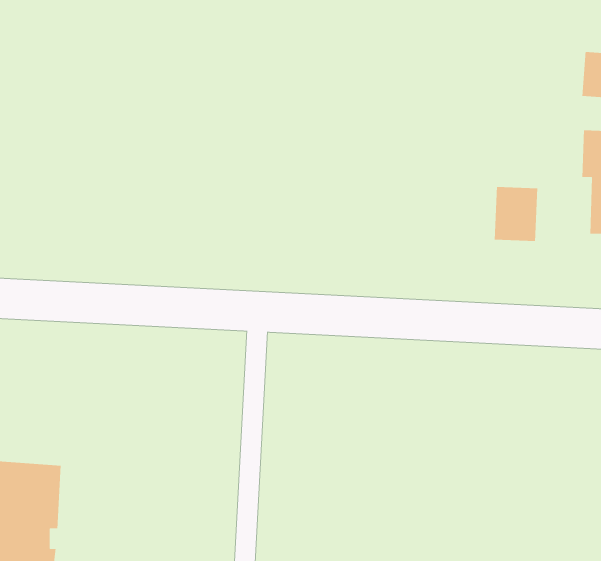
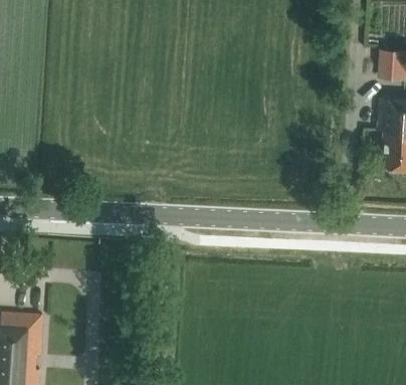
building: [494,186,538,242] -> none

